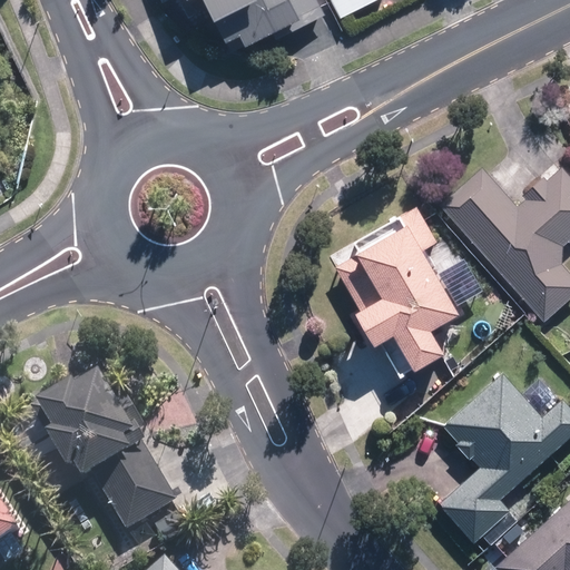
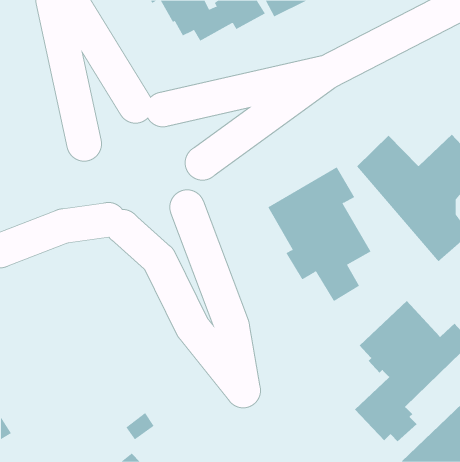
building: [36,367,178,531] -> none

